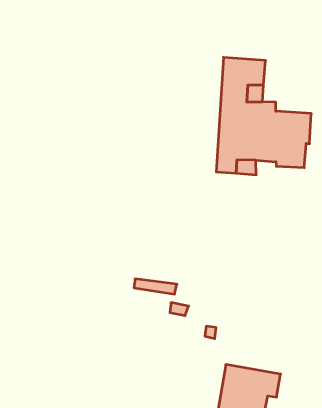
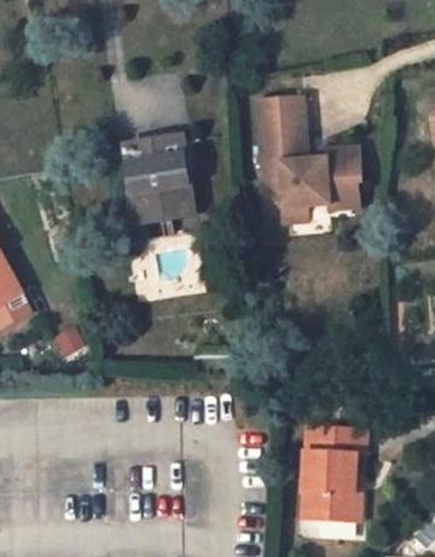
building: none -> [131,141,190,219]

